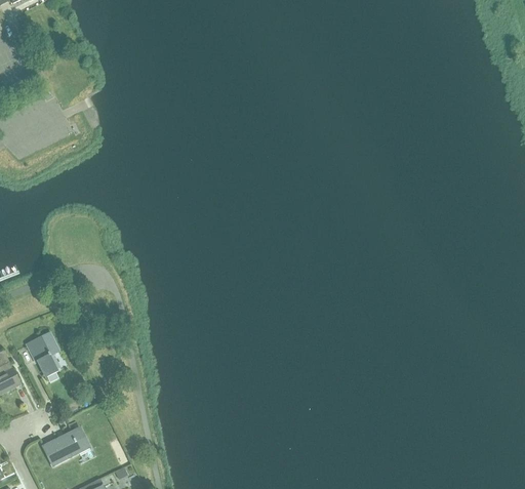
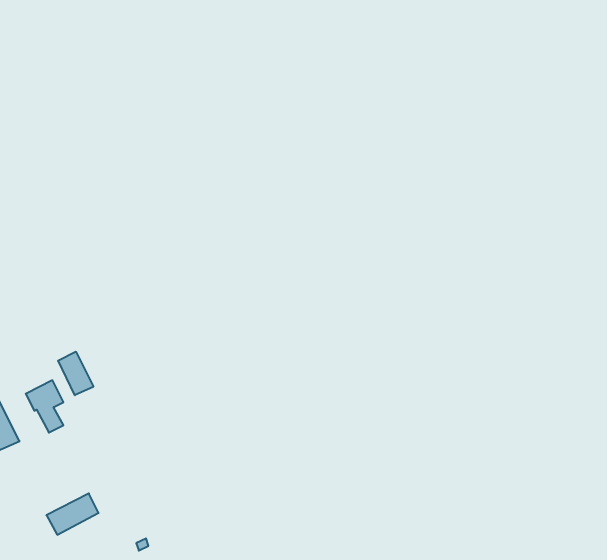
building: none -> [58,352,93,395]

